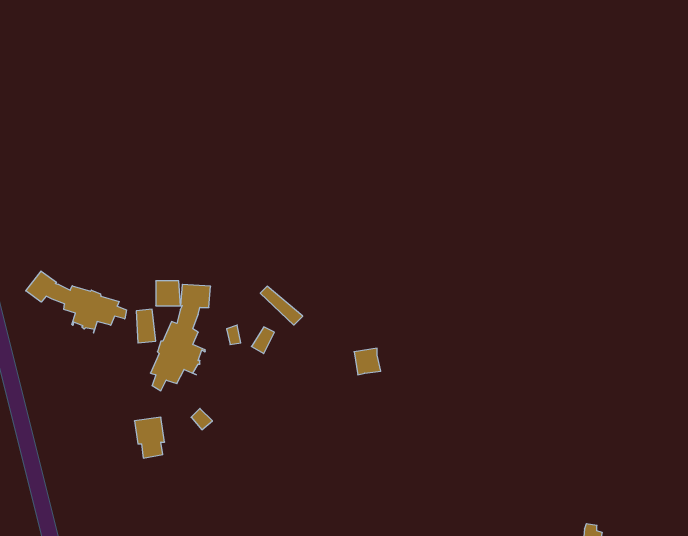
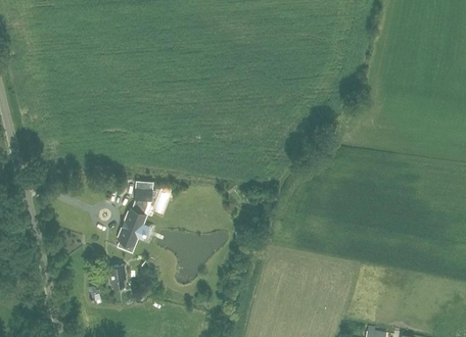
building: [26,271,126,333] -> none

